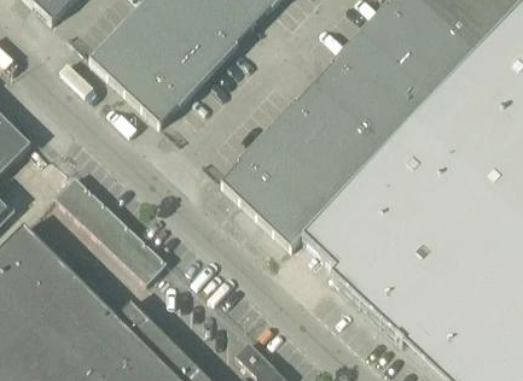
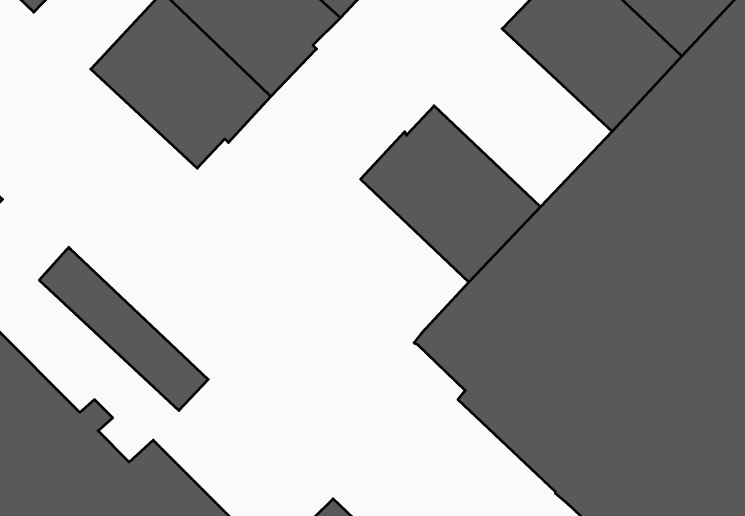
building: [315,31,432,148] -> none
building: [221,130,338,247] -> none

